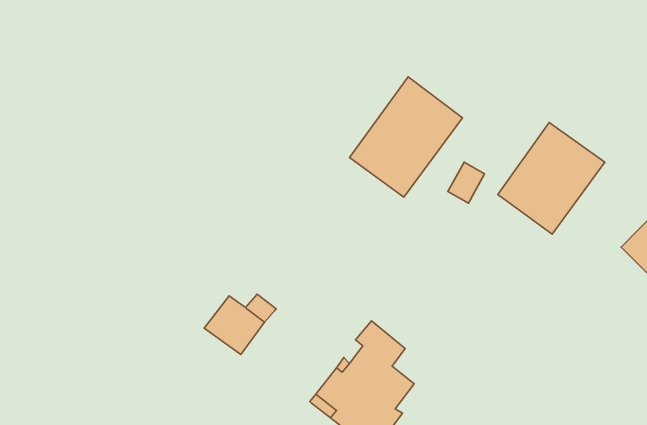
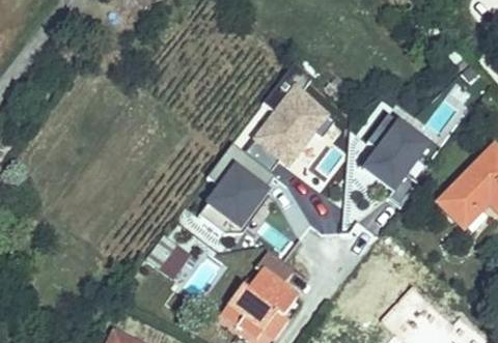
building: none -> [200,150,274,230]

